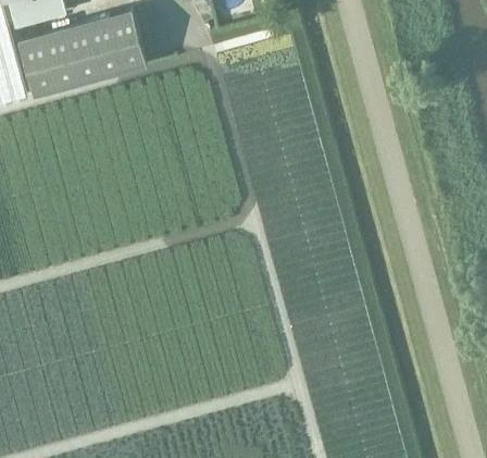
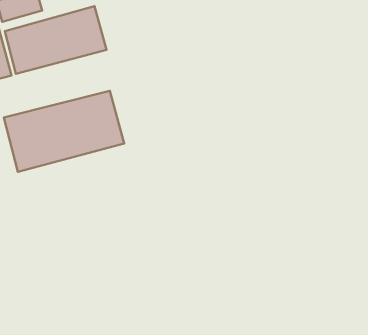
building: none -> [4,91,124,172]

